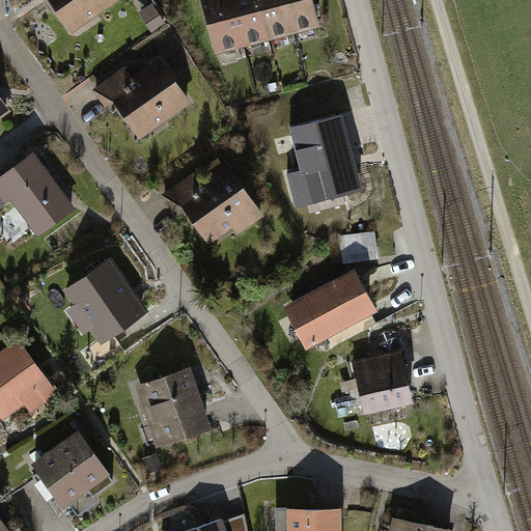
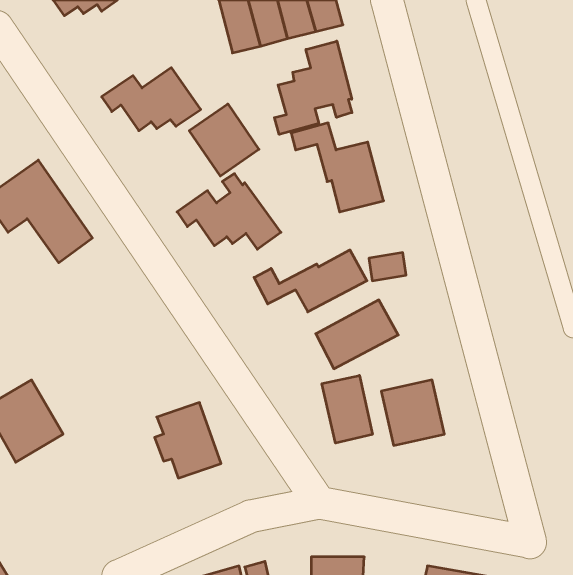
building: none -> [274,41,352,134]
building: none -> [189,104,259,176]
building: none -> [254,250,367,312]
building: [66,263,139,339] -> none
building: none -> [322,375,372,443]
building: [47,439,119,514] -> none

